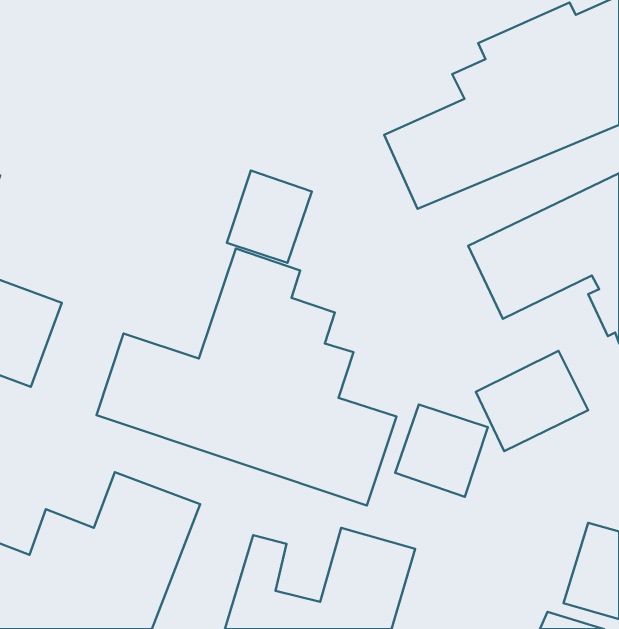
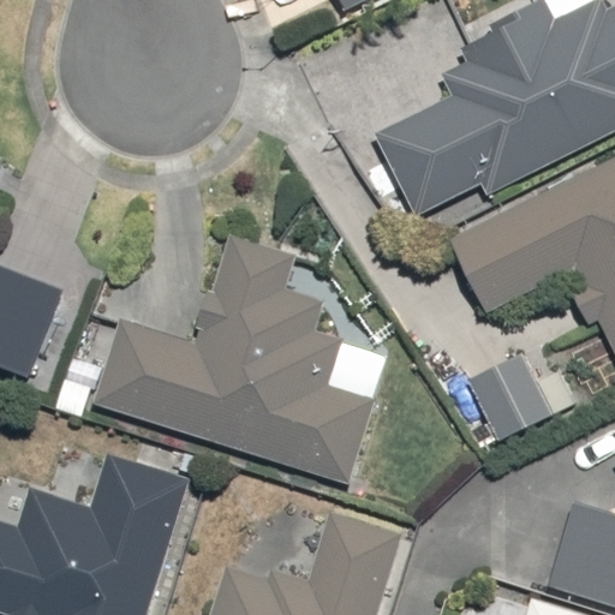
building: [227,170,312,263] -> none
building: [395,405,488,497] -> none

